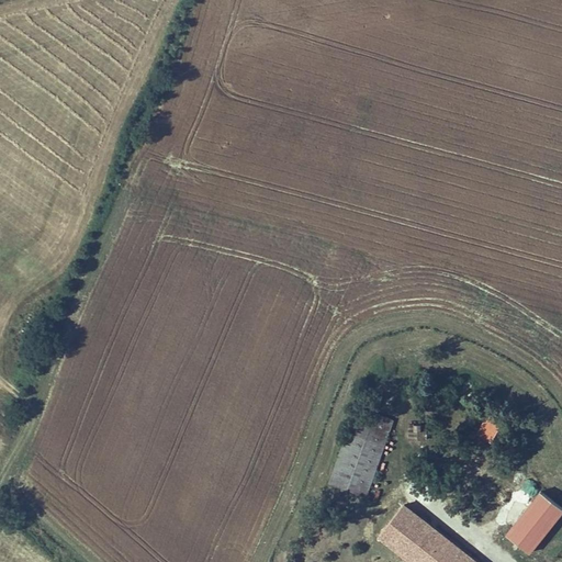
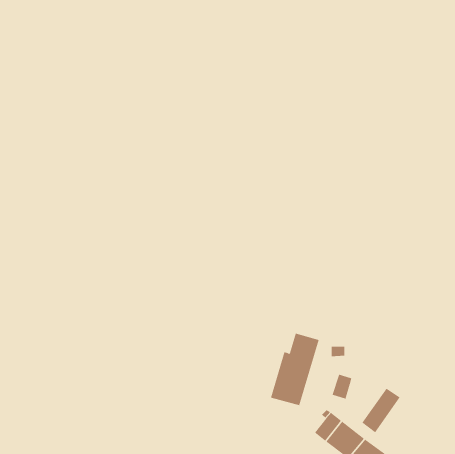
building: none -> [332,374,352,400]
building: [507,496,555,552] -> [361,388,401,433]

